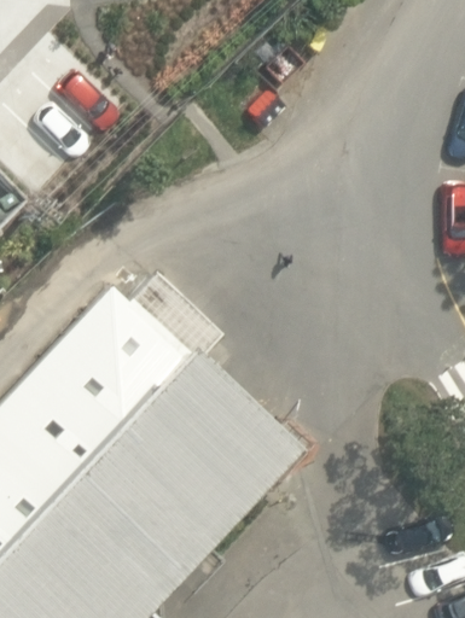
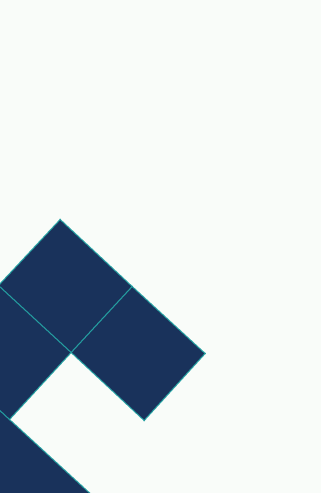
building: [57,443,217,602] -> none

